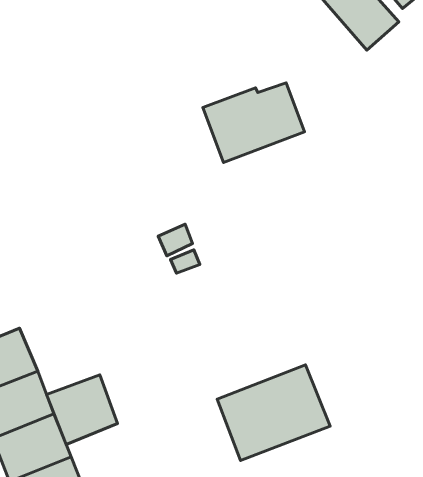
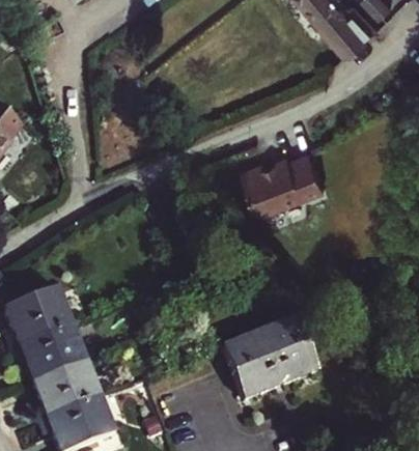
building: [203,83,305,162] -> [241,147,327,215]
building: [47,375,118,444] -> none

